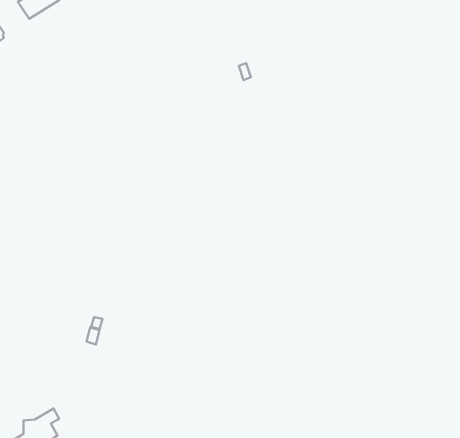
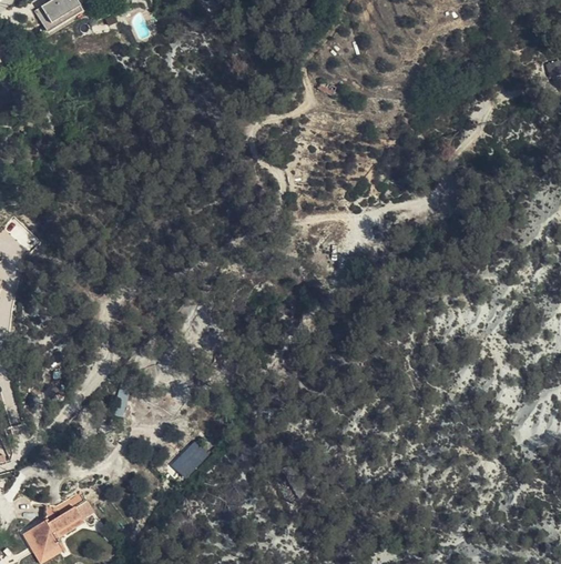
building: none -> [175,440,213,477]

